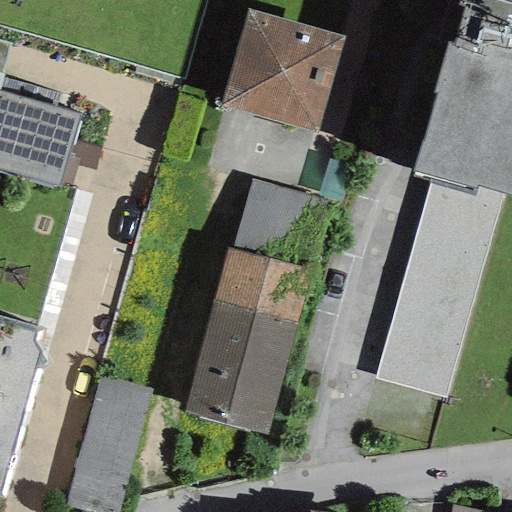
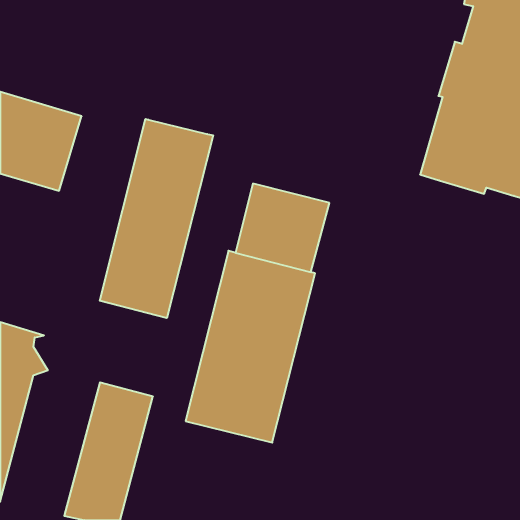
building: [217,8,344,132] -> none
building: none -> [100,119,213,318]
building: [376,177,505,399] -> none

